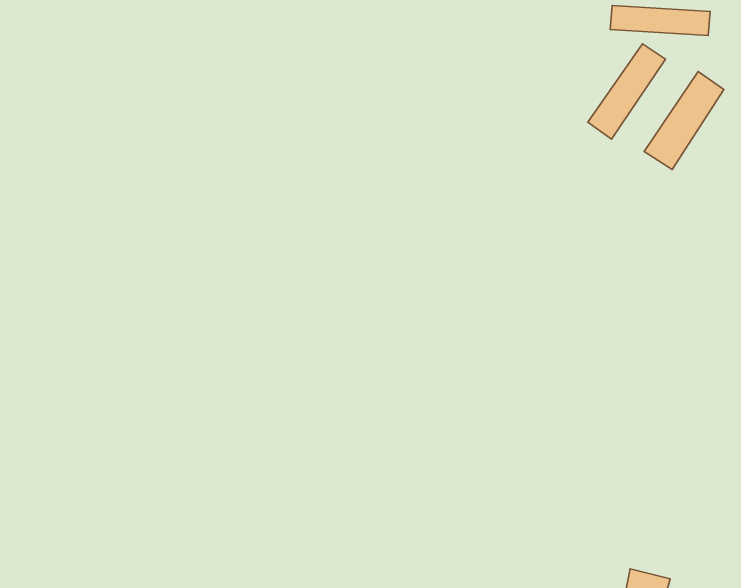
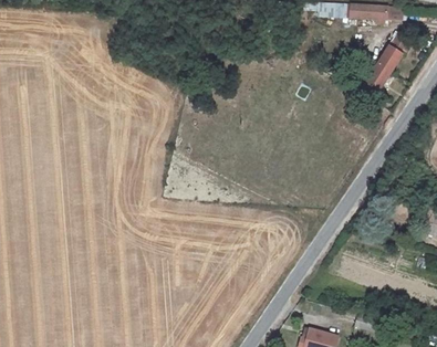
building: [588,44,666,139] -> none

